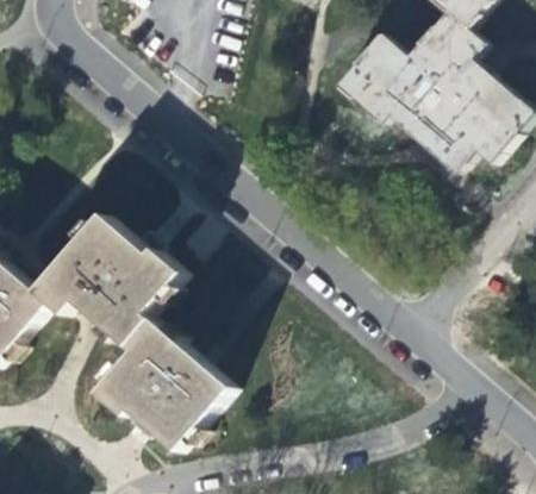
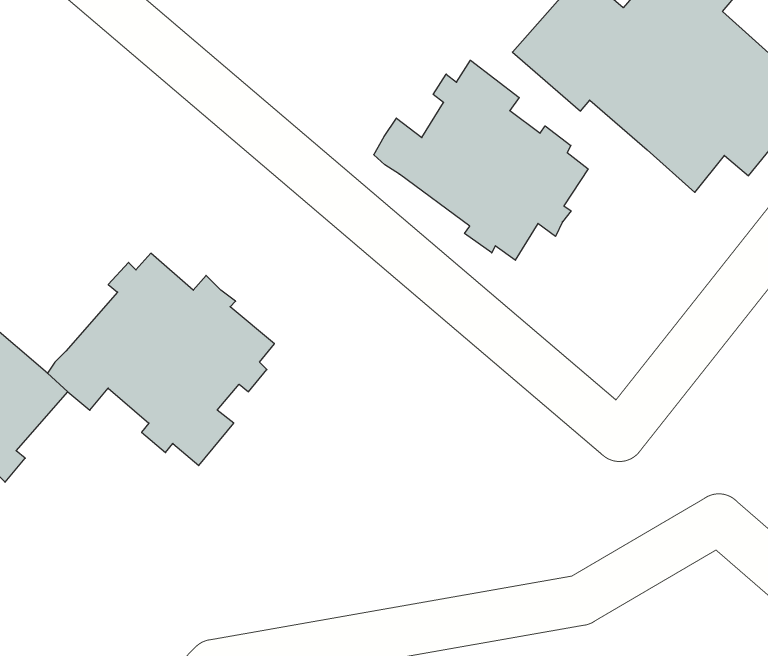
building: none -> [374,60,588,260]
building: [98,323,230,450] -> none

